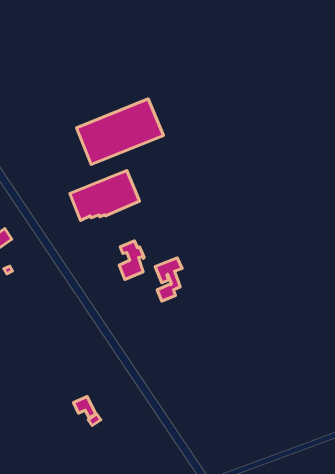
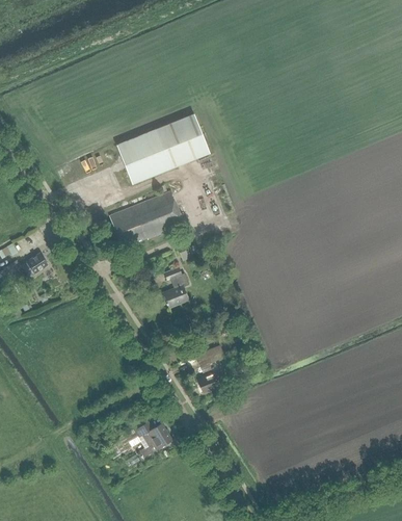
building: [155,258,182,301] -> [195,345,224,392]
building: none -> [134,421,171,454]

